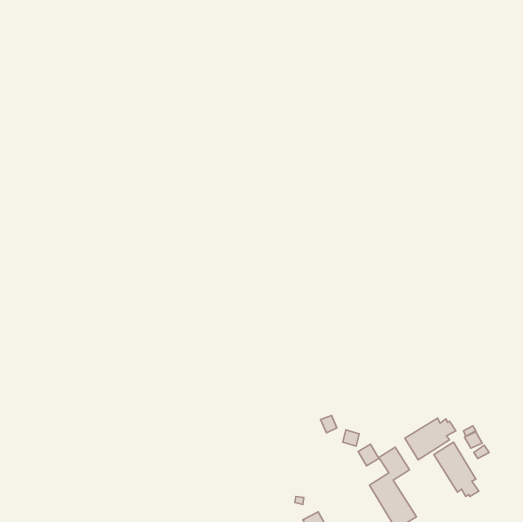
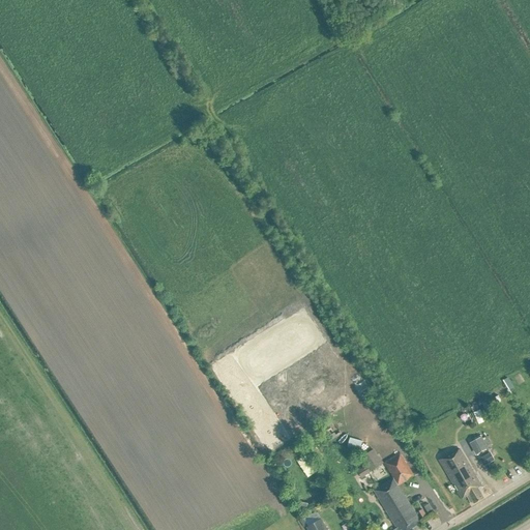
building: [405,418,456,460] -> none

